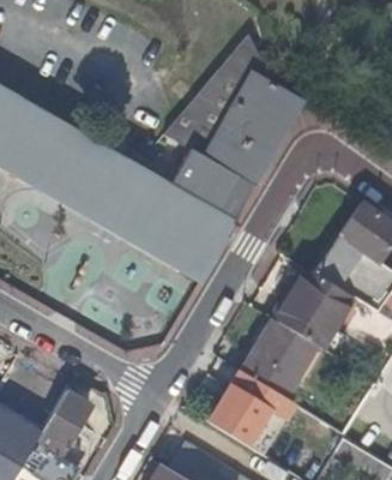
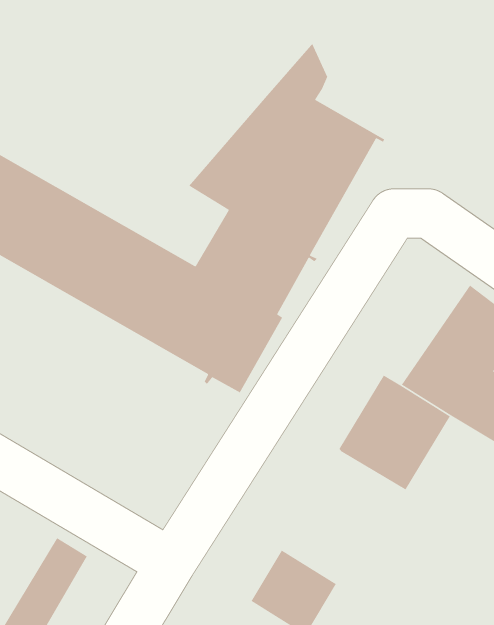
building: [241,319,316,398] -> none

